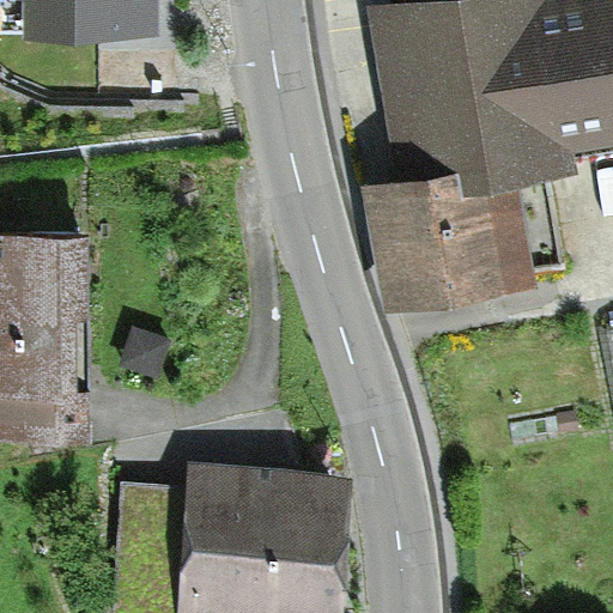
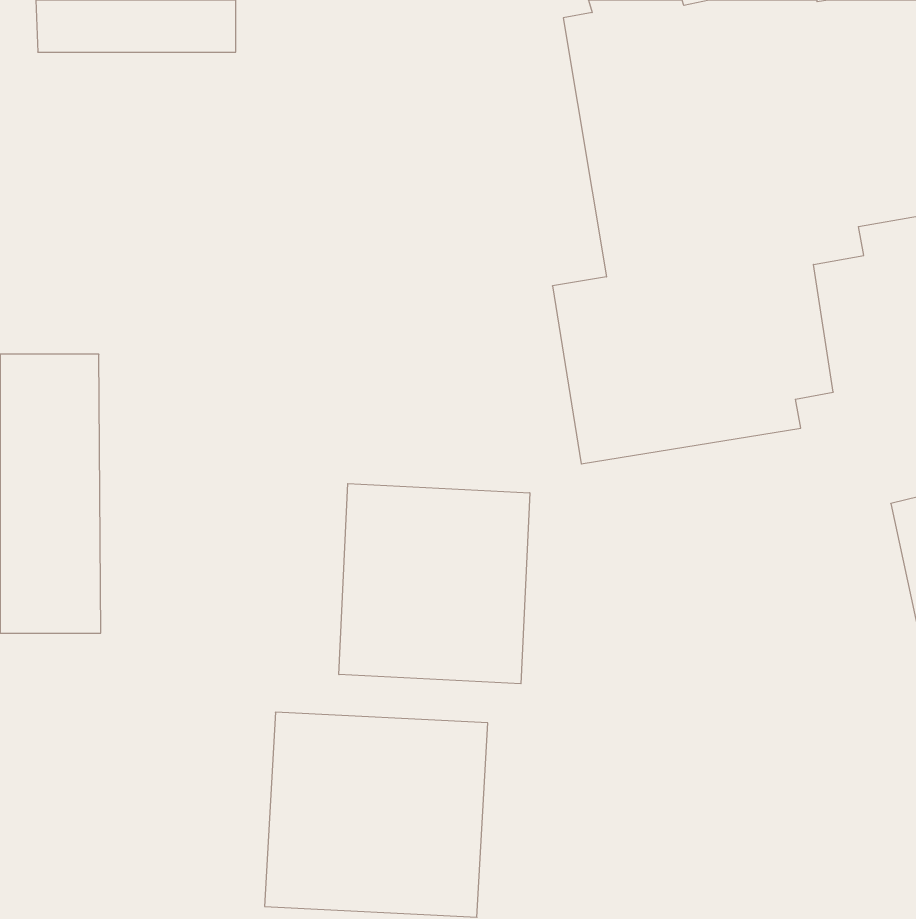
building: none -> [339,484,530,684]

